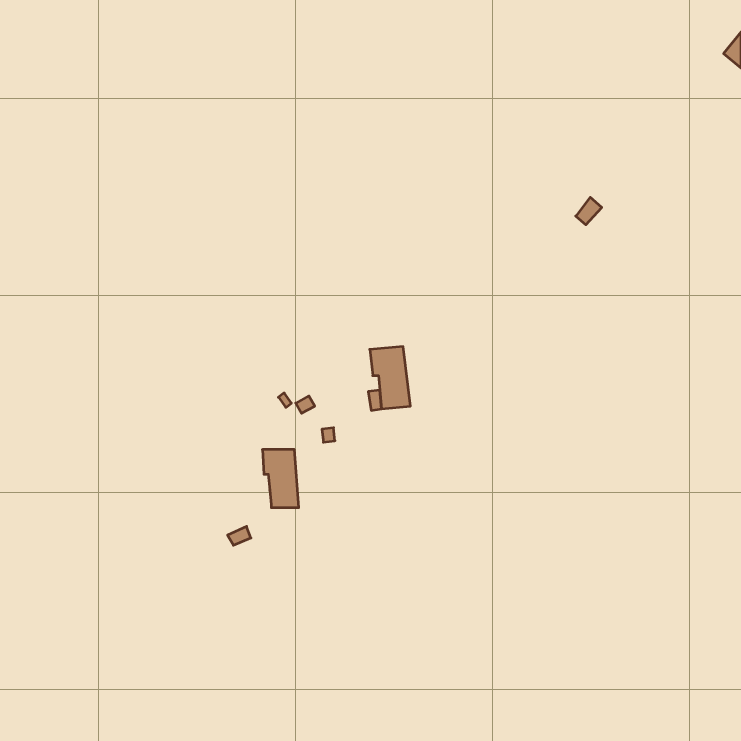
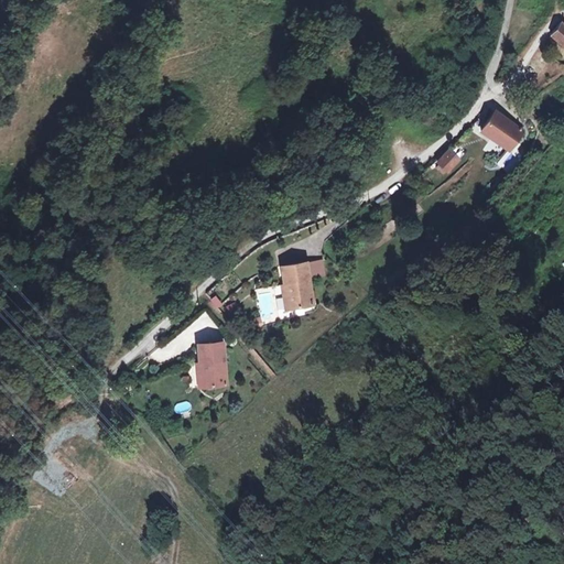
building: none -> [482,110,527,150]

